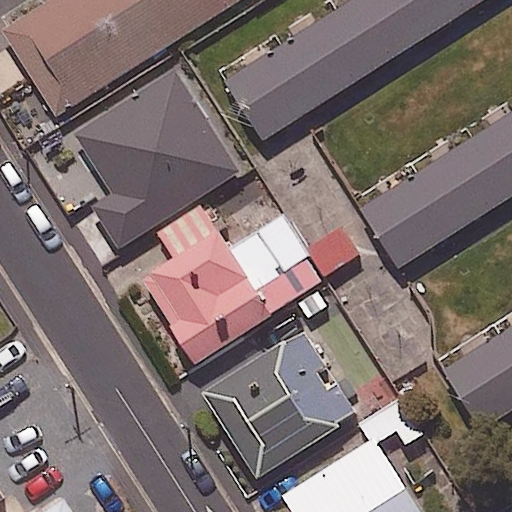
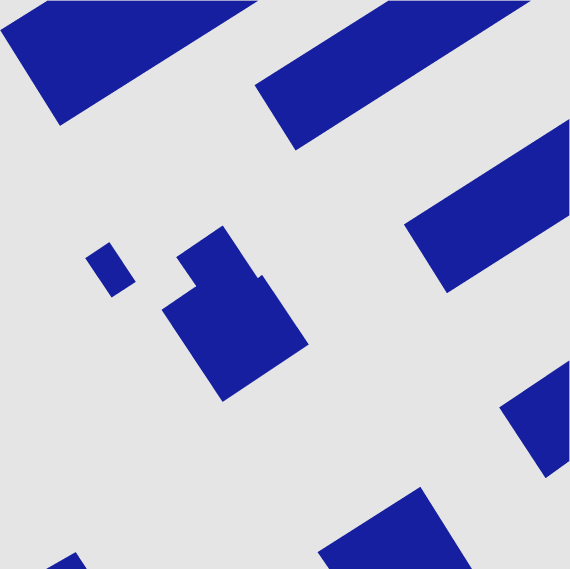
building: [77,73,239,249] -> none
building: [234,215,359,311] -> none
building: [205,329,357,476] -> none

